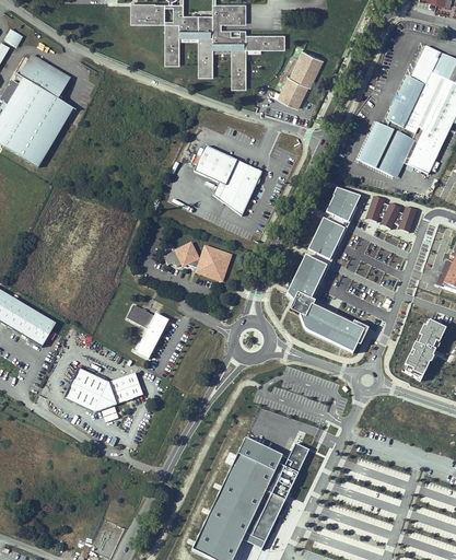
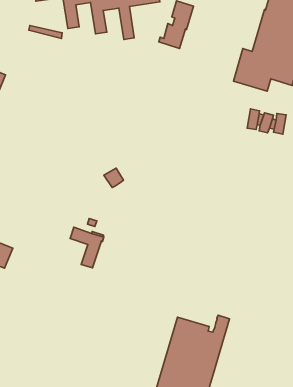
building: [194,145,261,215] -> none
building: [288,187,369,353] -> none
building: [202,246,235,279] -> none
building: [65,371,143,415] -> none

